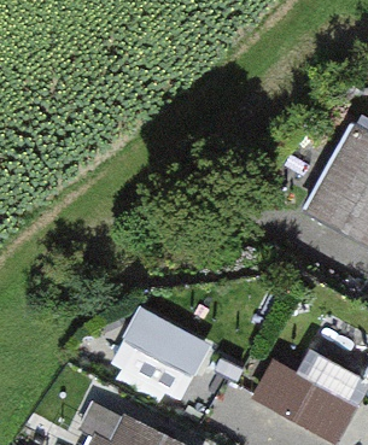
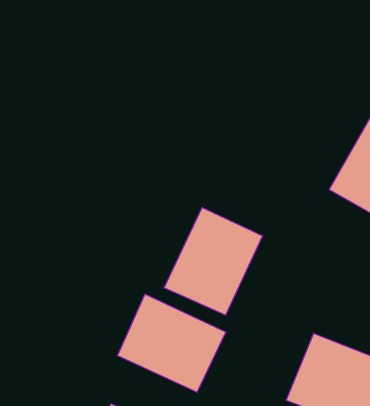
building: none -> [164,207,263,315]

